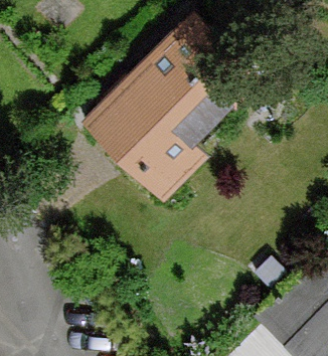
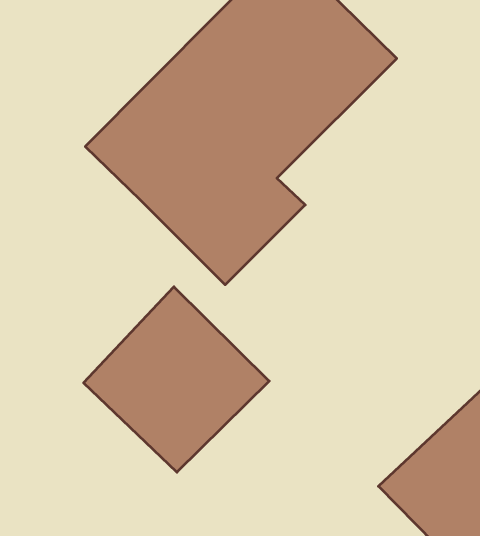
building: none -> [84,287,269,472]

